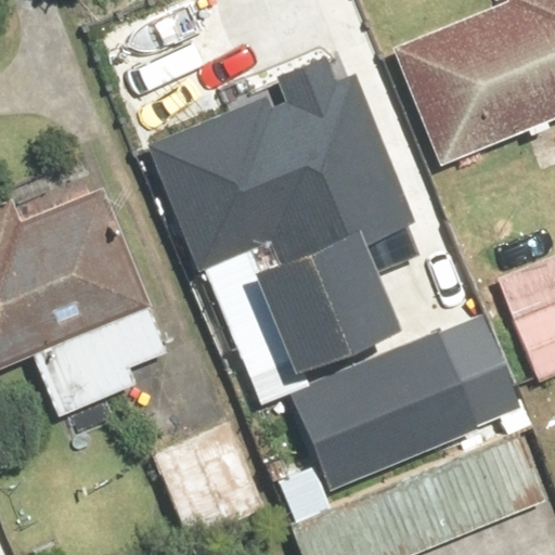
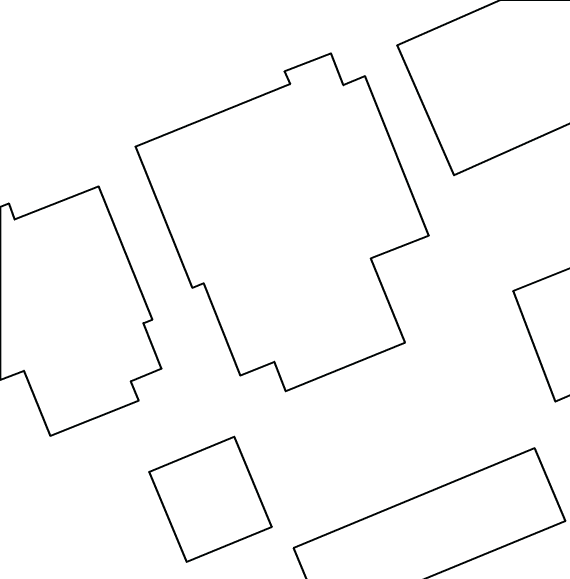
building: [286,334,478,492] -> none

